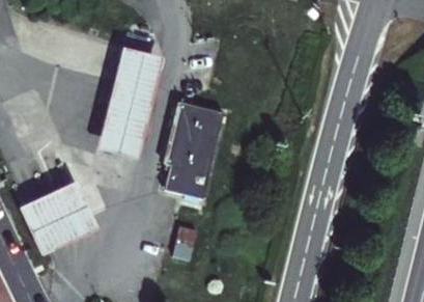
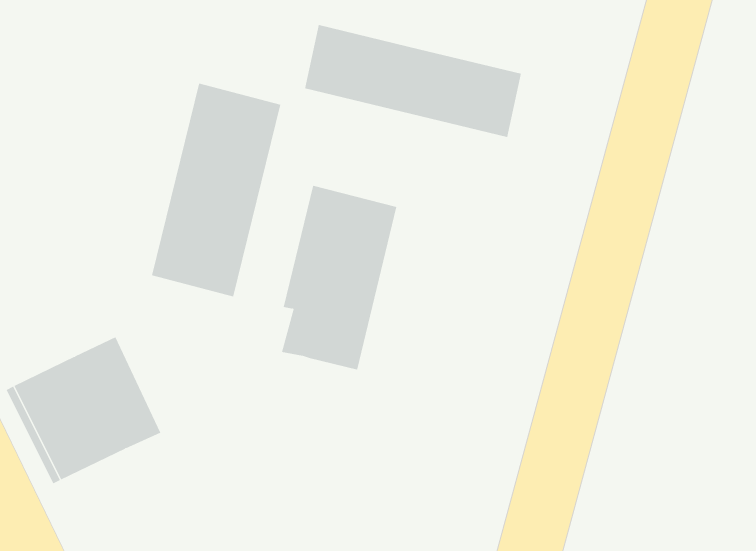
building: none -> [304,24,521,138]

